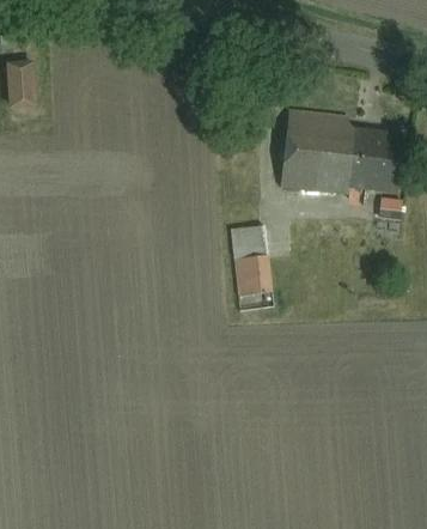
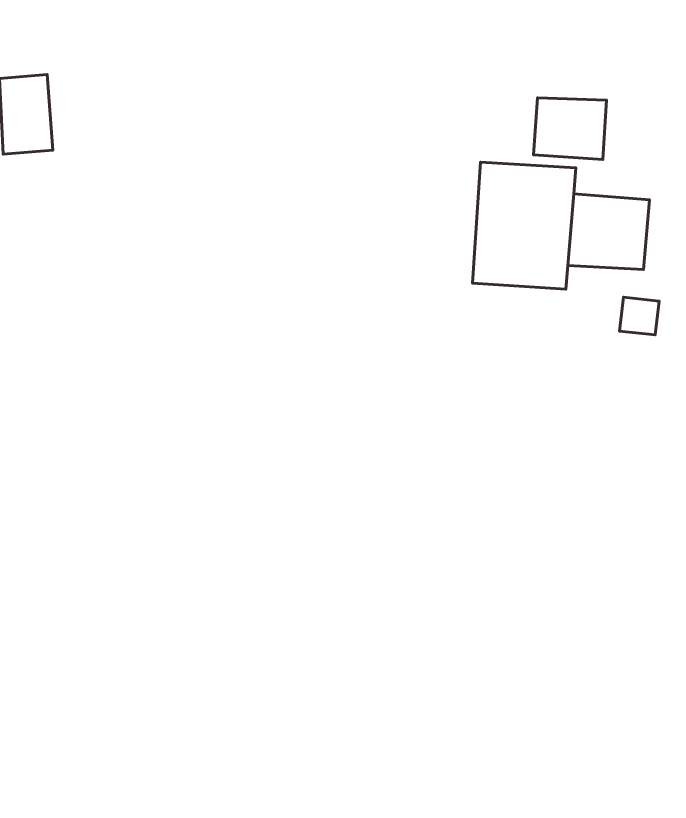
building: none -> [533,98,607,159]
building: [233,224,270,293] -> none

